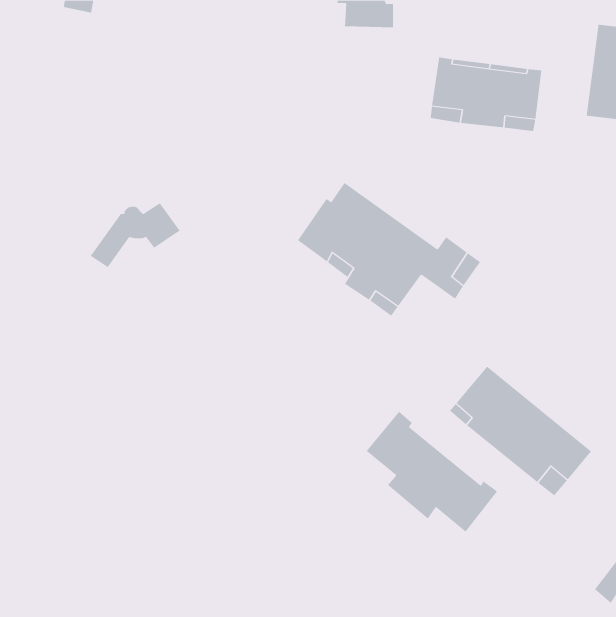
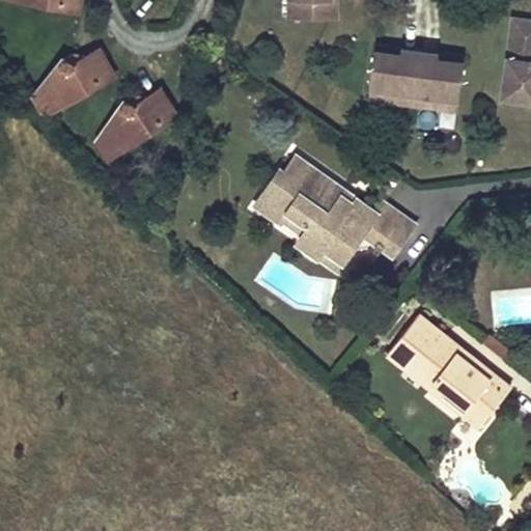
building: none -> [39,48,118,103]
building: [90,203,181,268] -> [103,88,180,144]
building: [366,411,498,532] -> none

